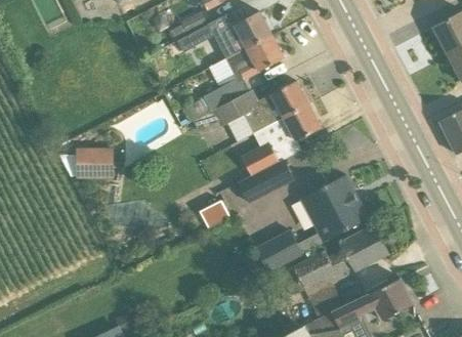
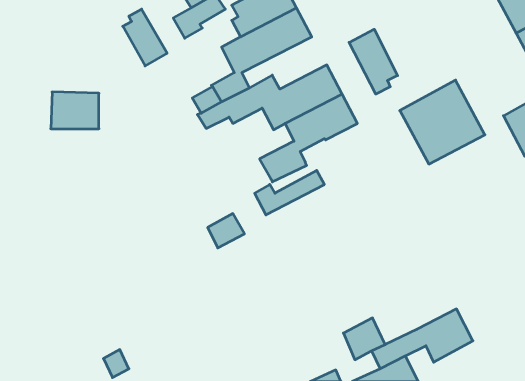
building: none -> [123,9,167,66]
building: none -> [349,29,398,94]
building: [75,148,114,177] -> [51,92,99,129]
building: [300,173,369,241] -> [400,80,485,164]
building: [281,224,387,296] -> none
building: [254,228,302,271] -> none

